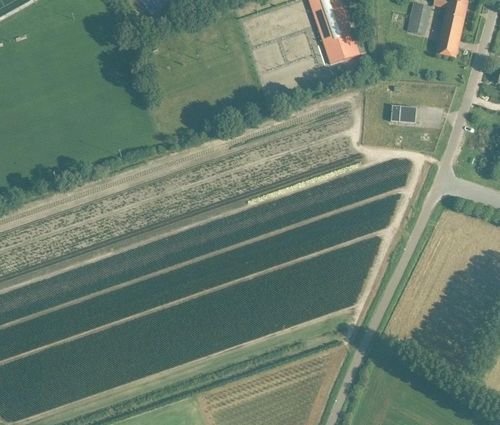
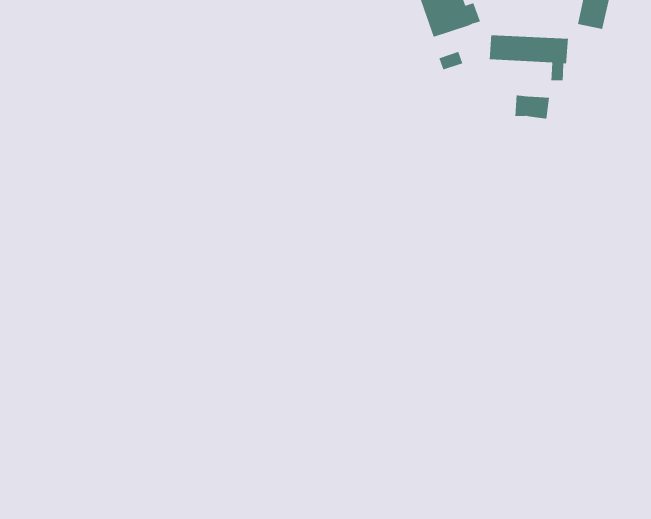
building: none -> [489,34,568,81]

